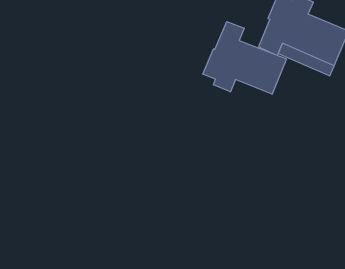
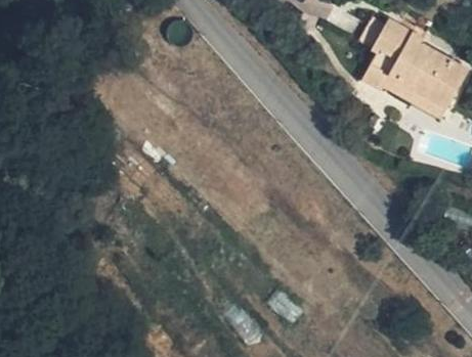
building: [203,22,286,94] -> none

